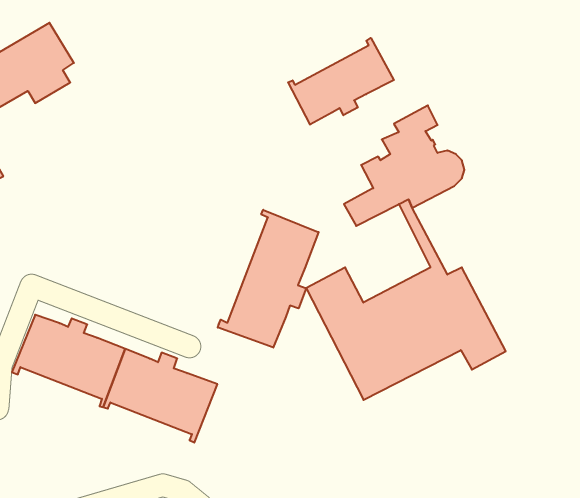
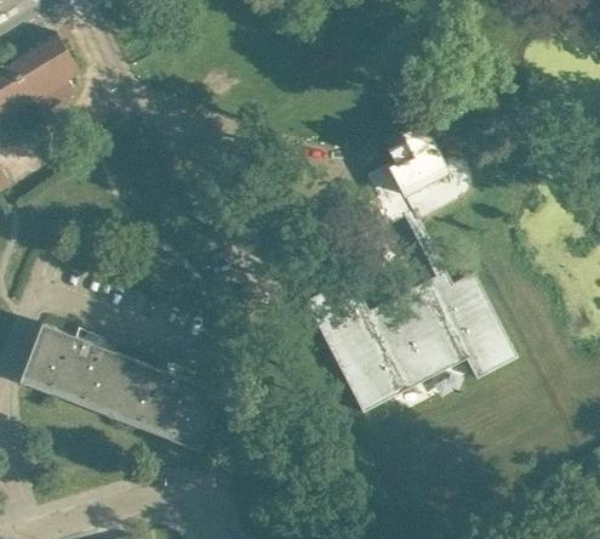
building: [288,38,394,125] -> none
building: [218,210,319,348] -> none

